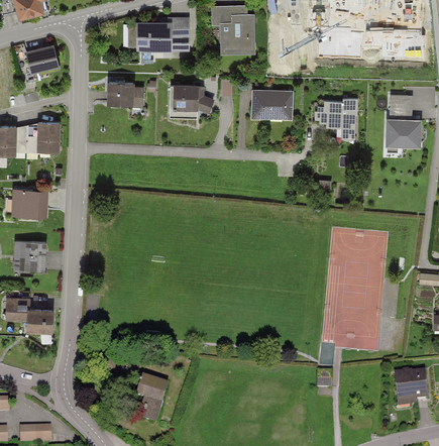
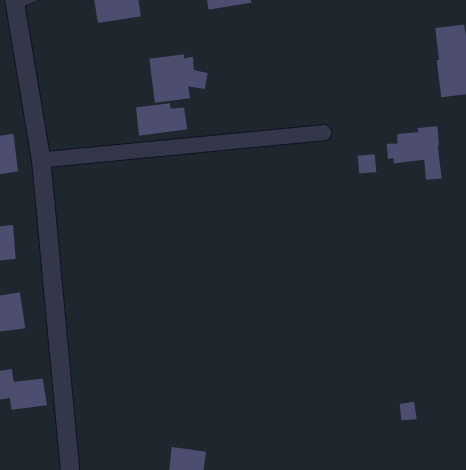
building: [106,83,144,106] -> [135,103,188,136]
building: [252,90,295,120] -> none
building: [316,99,358,140] -> [386,126,443,180]

